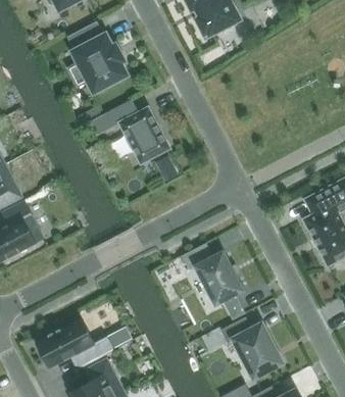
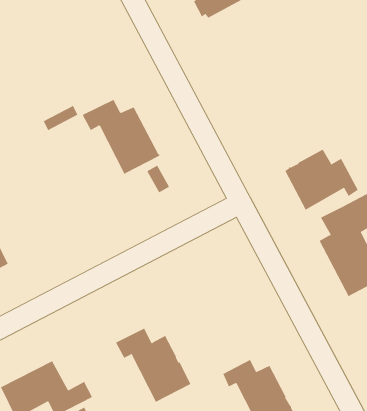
building: [68,24,128,93] -> none
building: none -> [284,149,359,210]
building: [182,245,245,307] -> [115,328,191,402]

